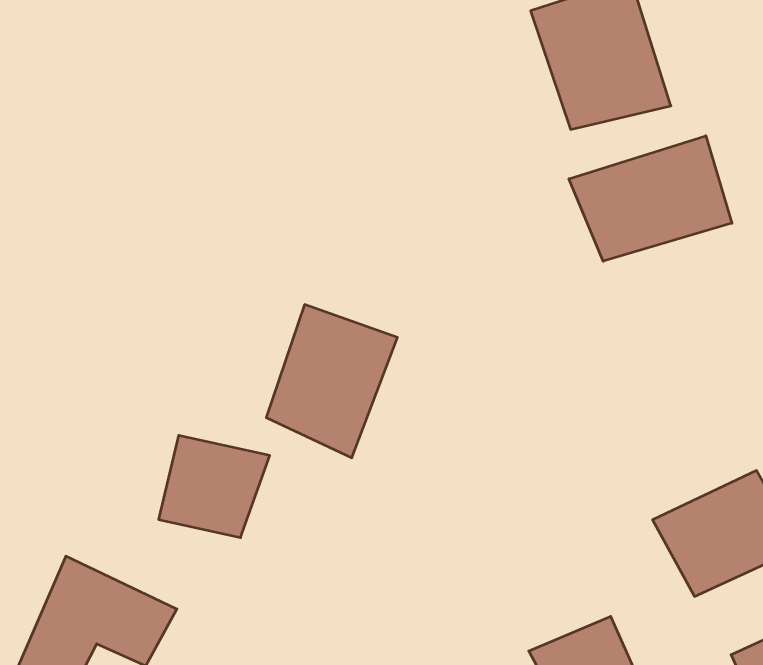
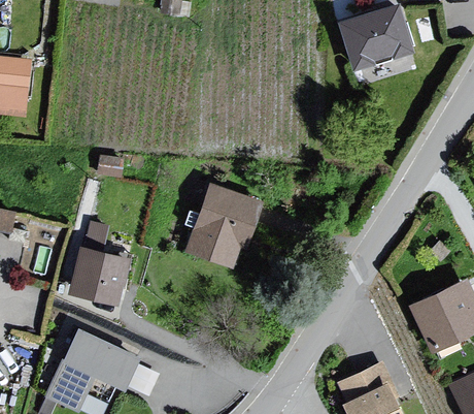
building: [569,136,732,261] -> none
building: [159,435,270,538] -> [68,247,131,305]

